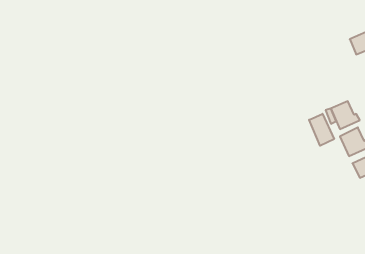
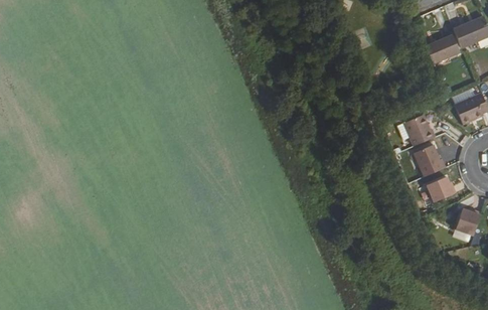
building: [309,114,334,146] -> none

